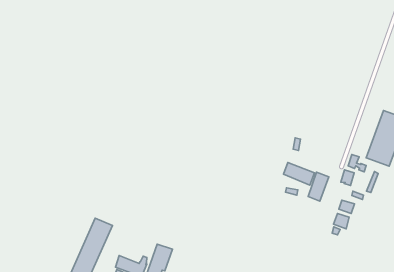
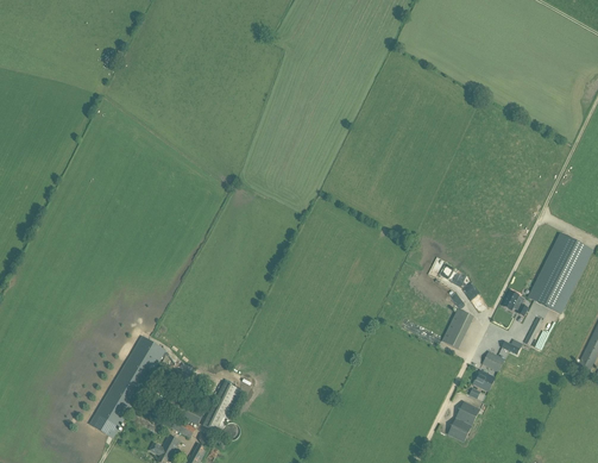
building: [284,163,315,185] -> none
building: none -> [447,401,479,442]

